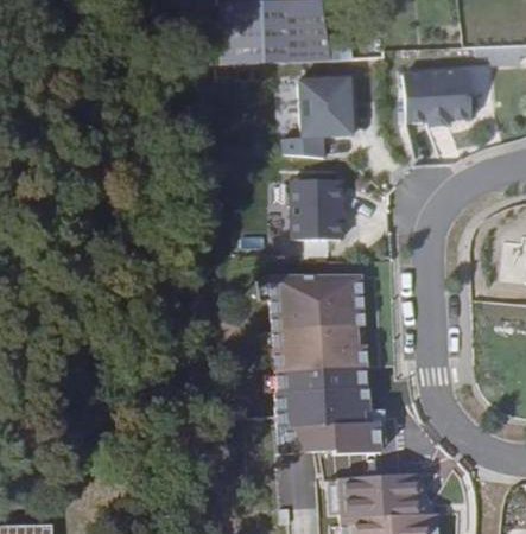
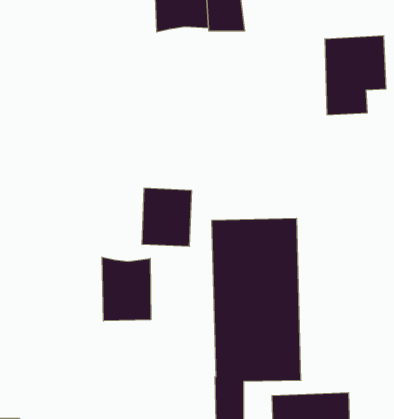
building: [283,76,356,160] -> none
building: [289,178,346,244] -> [142,188,192,246]
building: none -> [102,257,151,321]

